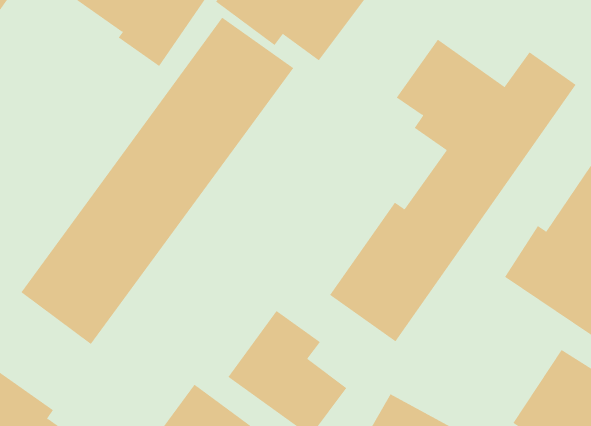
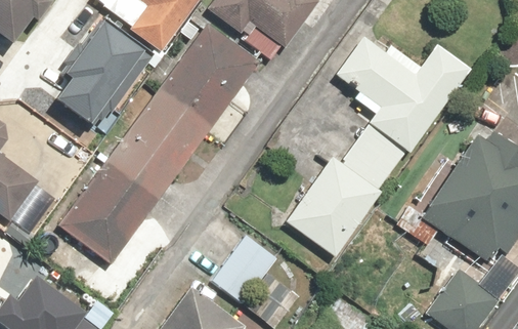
building: none -> [51,18,154,133]

